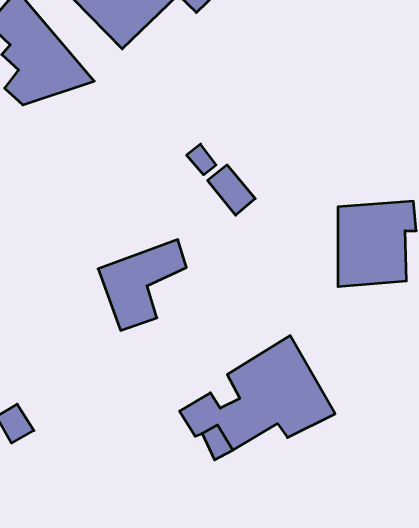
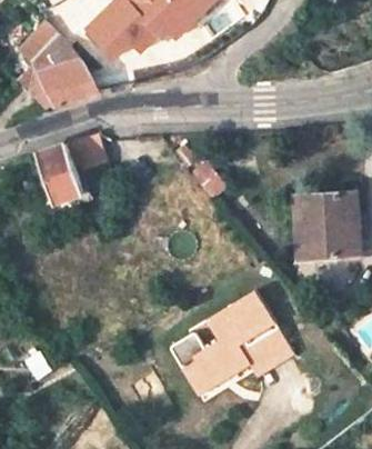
building: [98,240,186,330] -> [34,133,104,206]

